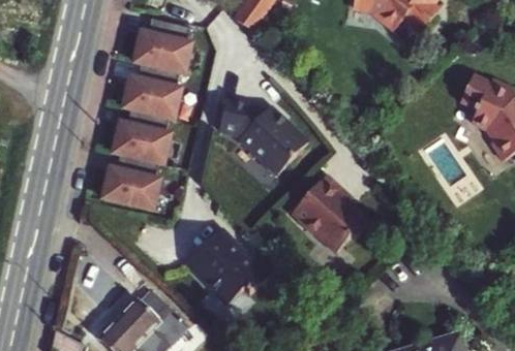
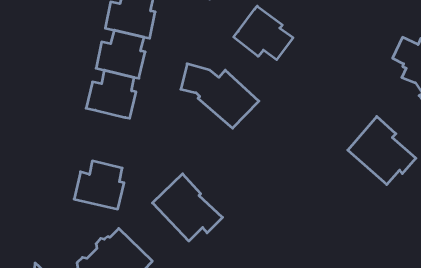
building: none -> [234,6,293,60]
building: [100,155,157,210] -> [74,161,124,209]
building: [293,176,370,253] -> [348,116,416,185]

